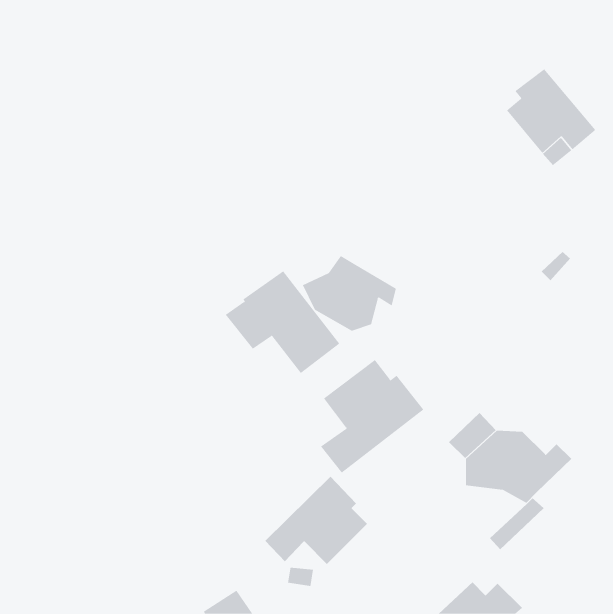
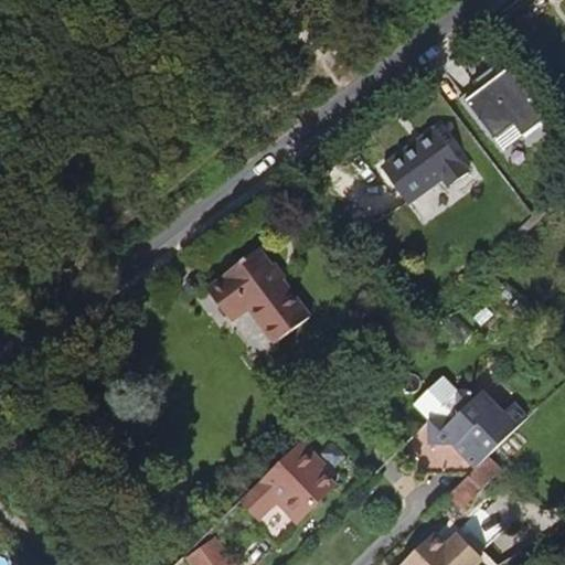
building: none -> [382,128,469,205]
building: [302,255,396,331] -> none
building: [320,359,424,473] -> none

